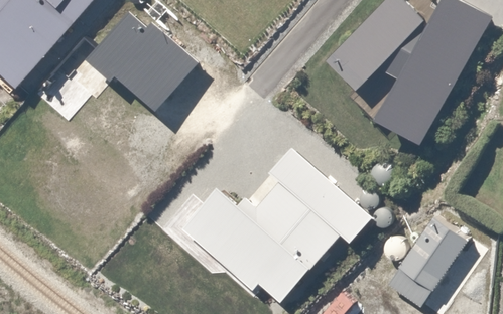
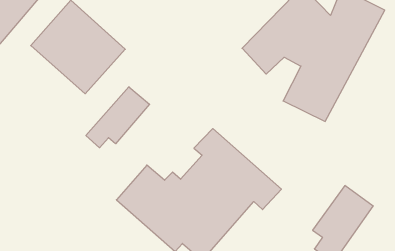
building: none -> [86,87,150,148]

